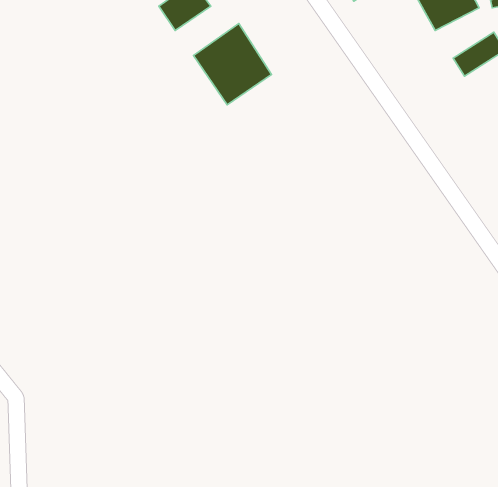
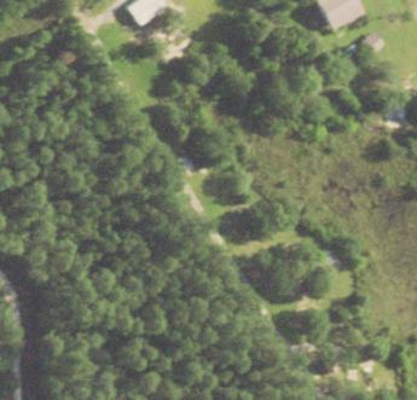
building: [193,24,272,105] -> none

